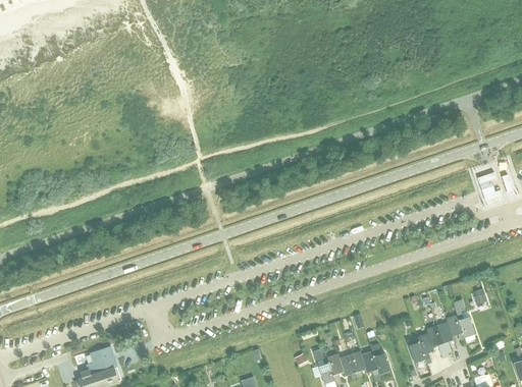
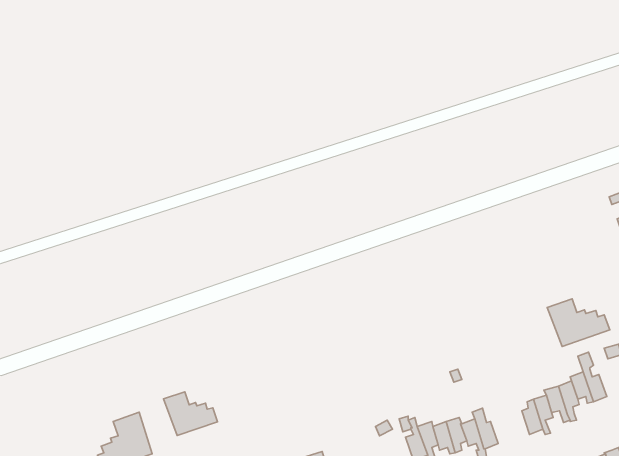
building: none -> [547,299,610,347]
building: none -> [164,392,218,436]

